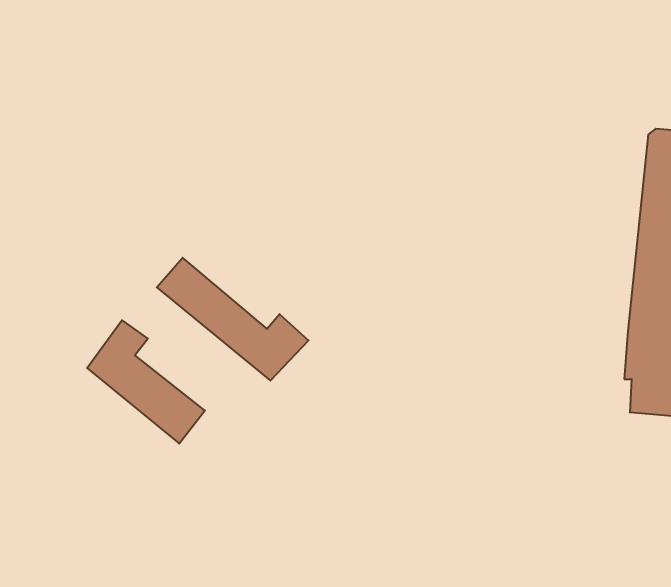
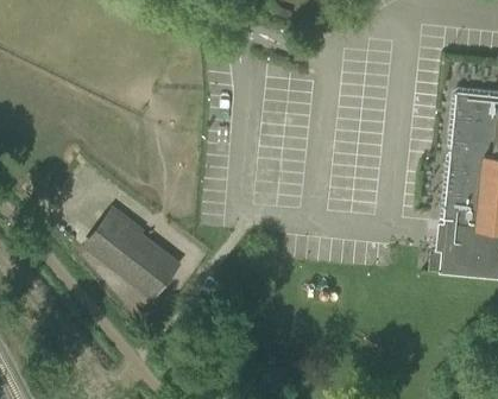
building: [157,258,309,381] -> none

